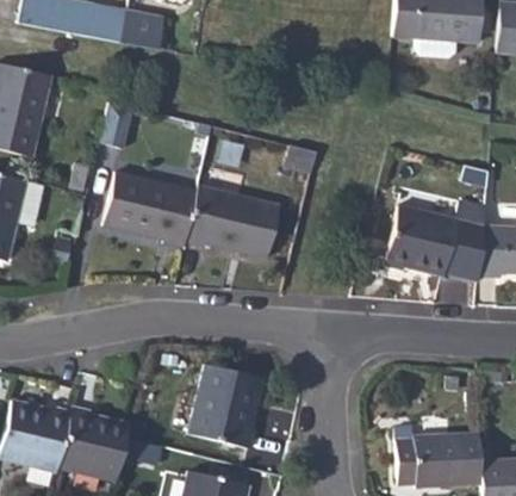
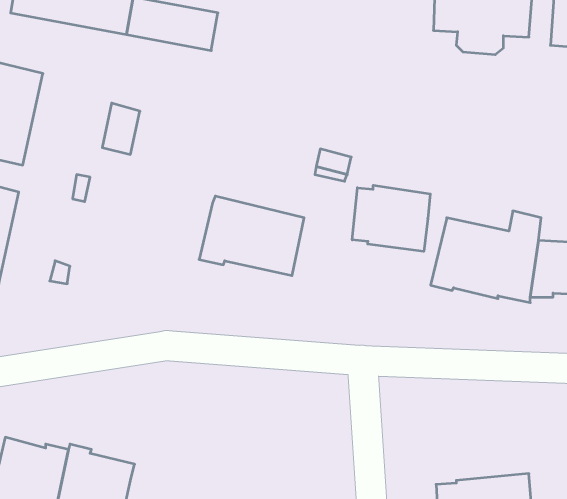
building: [106,174,199,248] -> none
building: none -> [352,185,430,251]
building: [186,362,257,446] -> none

